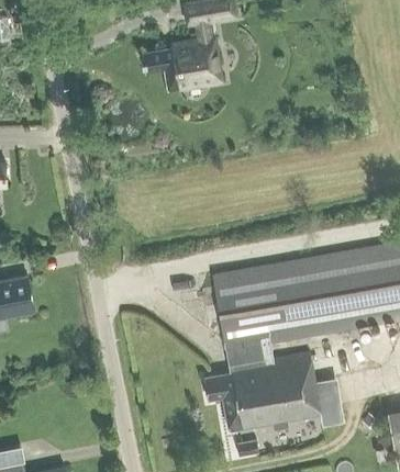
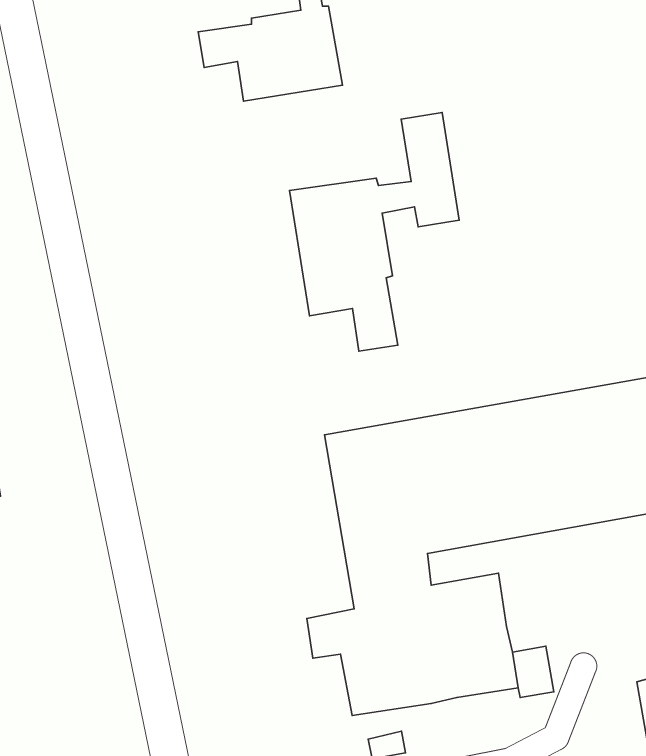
building: none -> [289,112,459,351]

